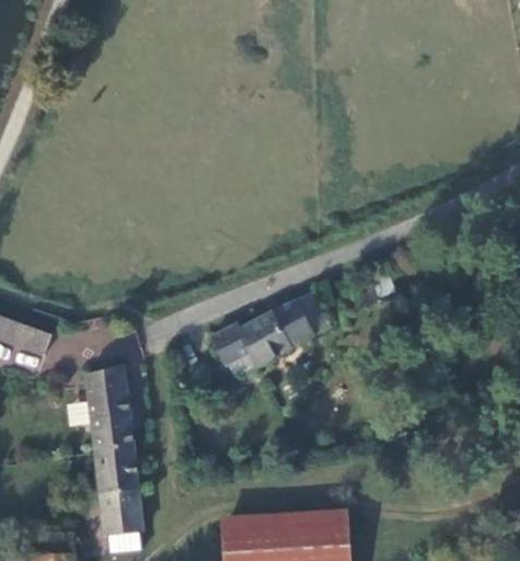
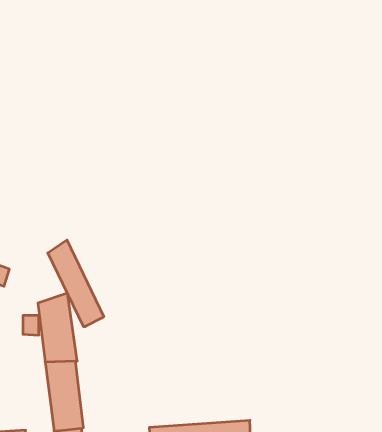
building: [211,288,330,373] -> none
building: none -> [48,240,104,327]

